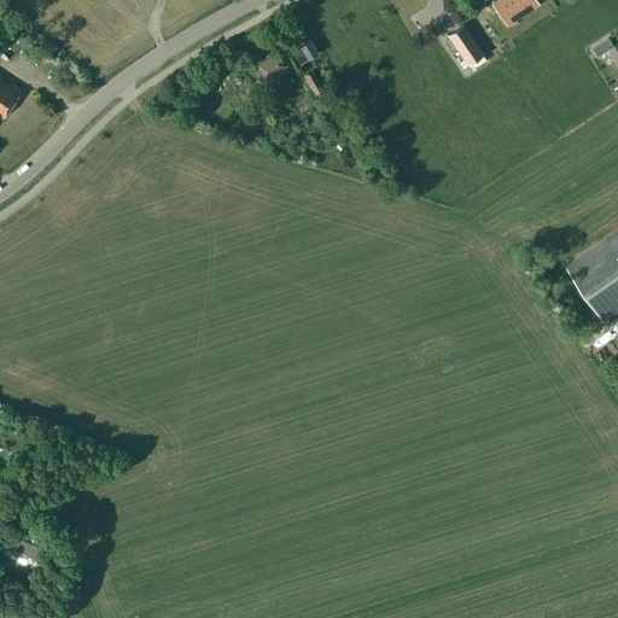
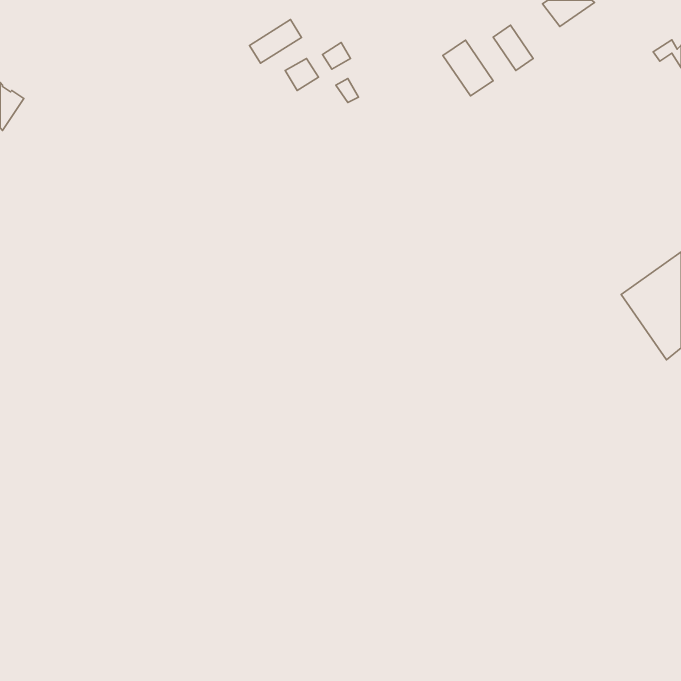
building: none -> [249,20,302,63]
building: none -> [443,40,493,96]

